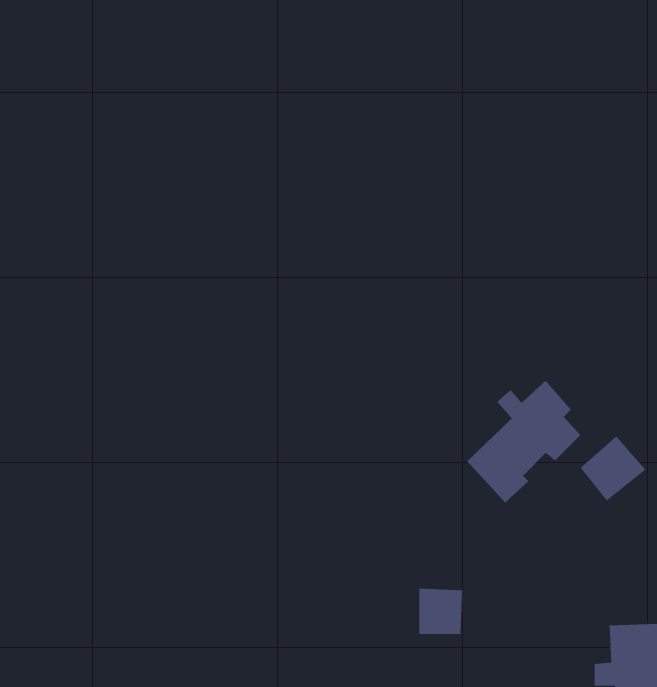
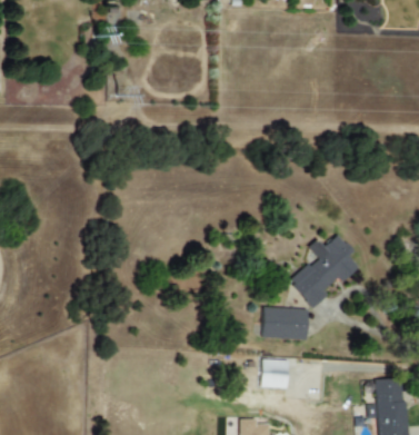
building: [580,436,646,501] -> none
building: none -> [262,306,308,338]

